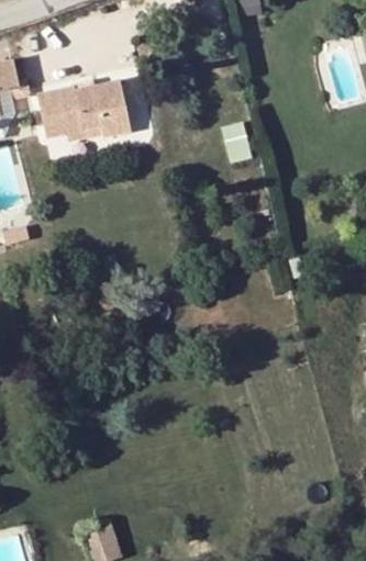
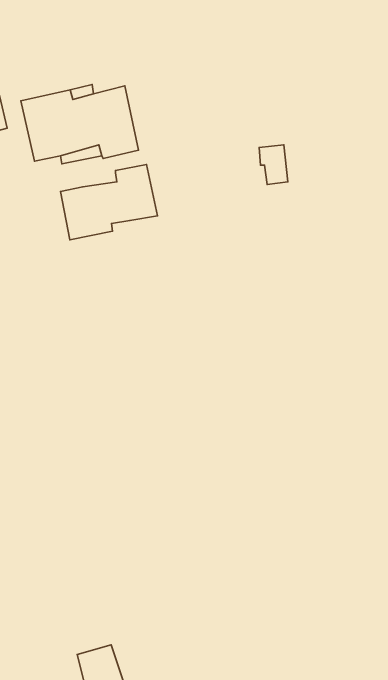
building: none -> [60,164,157,240]

